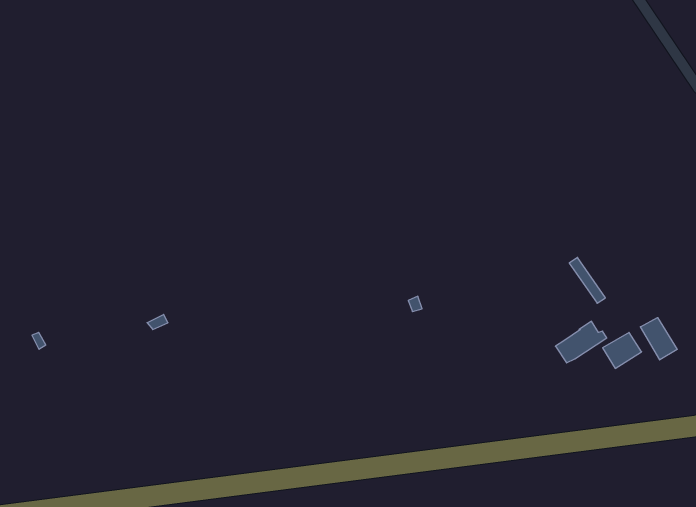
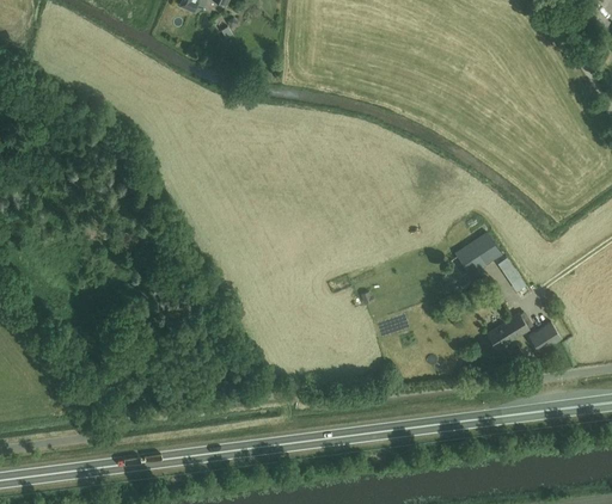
building: none -> [455,233,501,275]
building: [640,318,677,360] -> none

